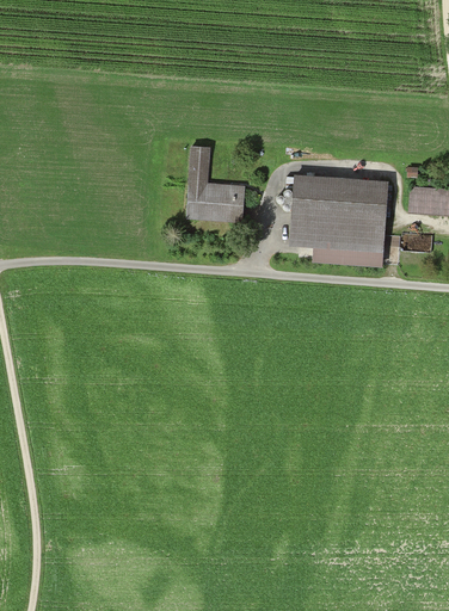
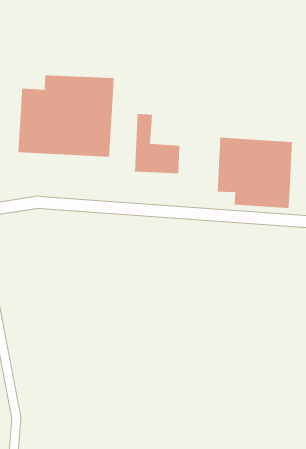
building: none -> [18,75,114,157]

